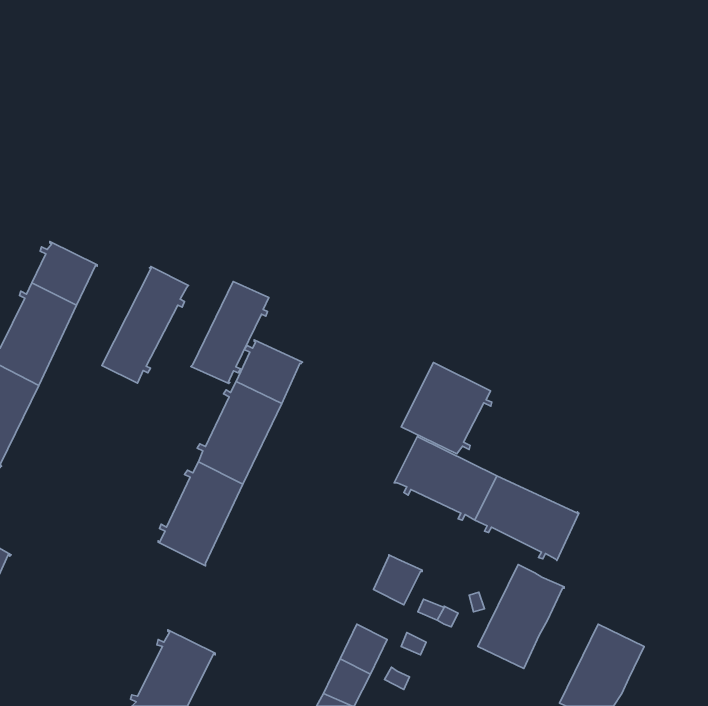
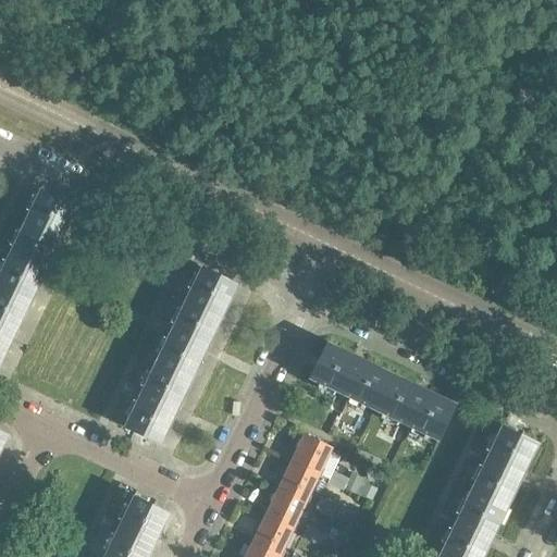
building: [102,267,189,383] -> none
building: [191,282,269,384] -> none
building: [401,363,492,454] -> none
building: [478,565,564,669] -> [469,425,536,507]
building: none -> [280,462,317,502]

